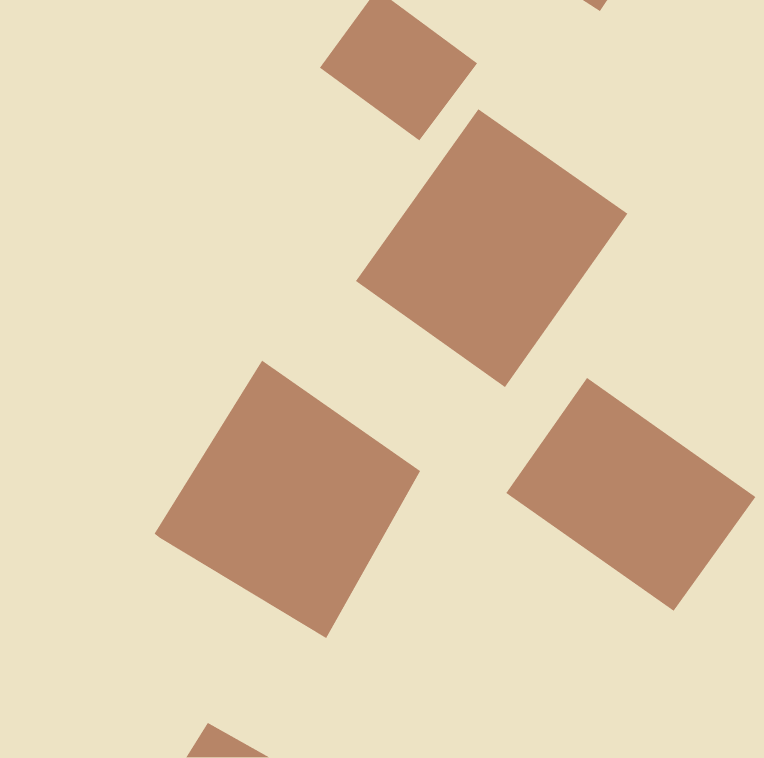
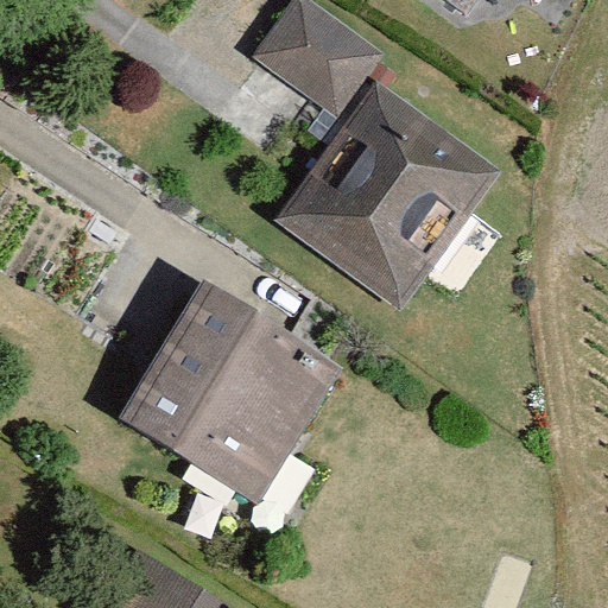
building: [505,377,756,612] -> none

